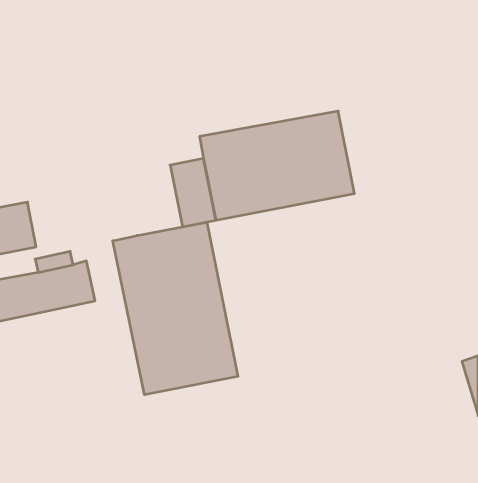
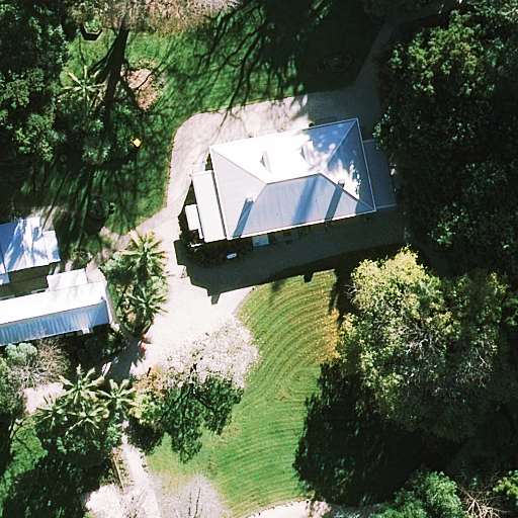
building: [113,222,238,395] -> none

